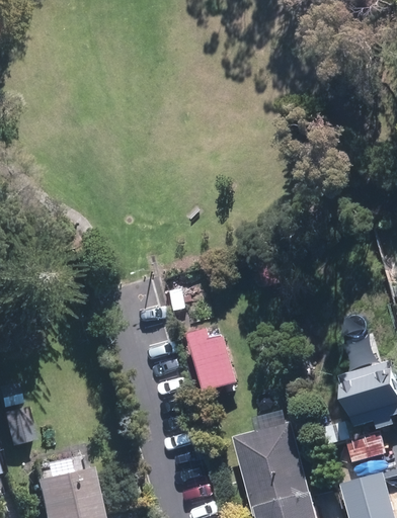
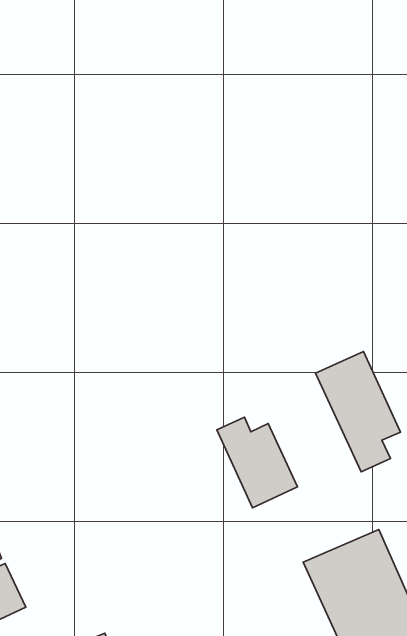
building: none -> [316,352,400,472]

